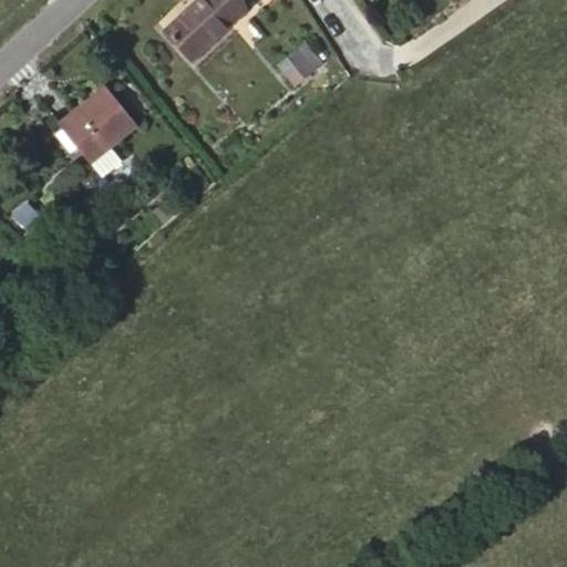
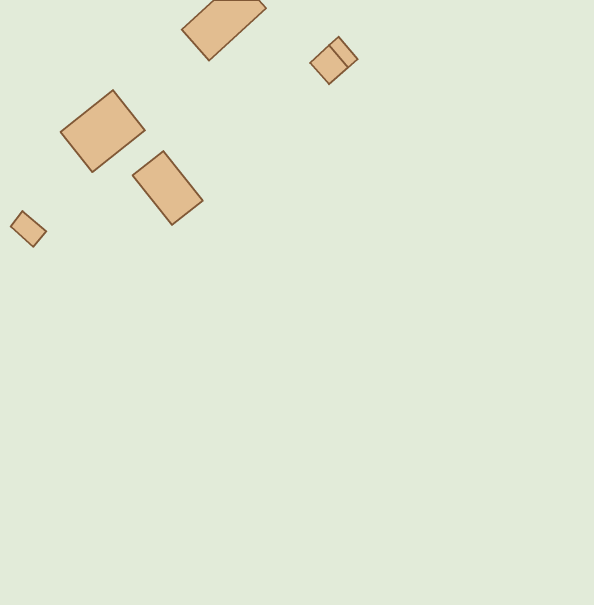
building: none -> [133,151,203,225]

